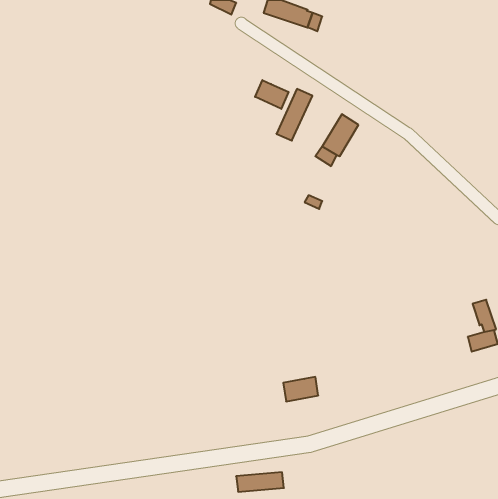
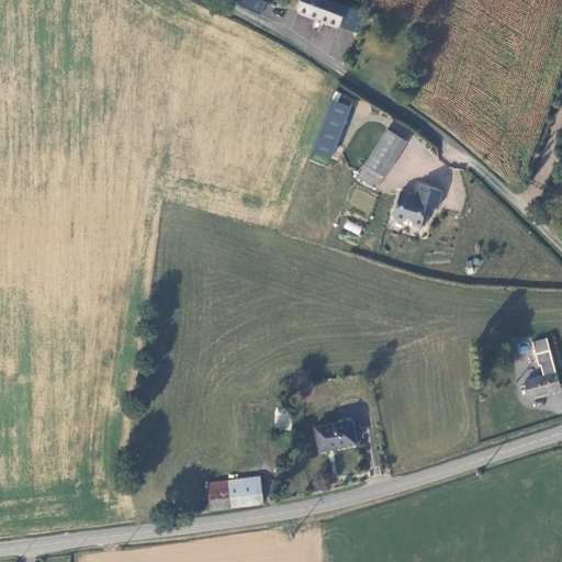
building: [255,80,289,109] -> none
building: none -> [393,180,442,223]
building: [236,472,284,492] -> [211,479,265,501]

